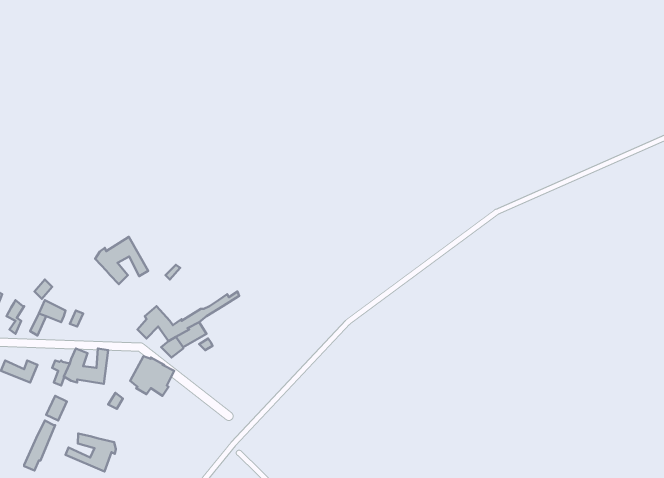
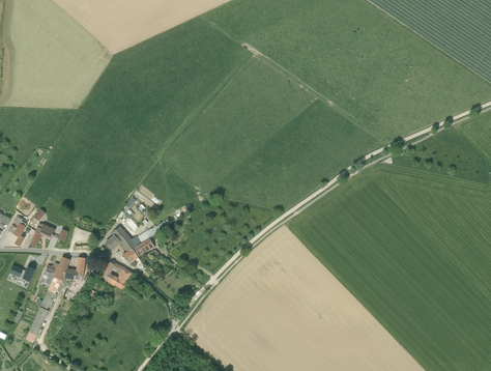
building: [95,237,148,284] -> none
building: [65,433,116,472] -> none

